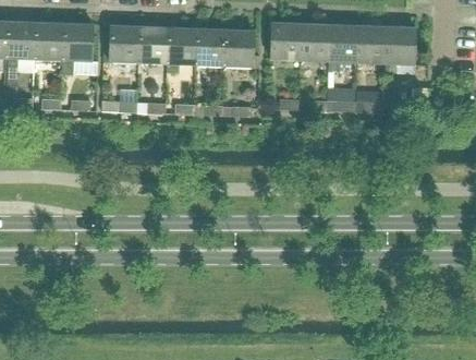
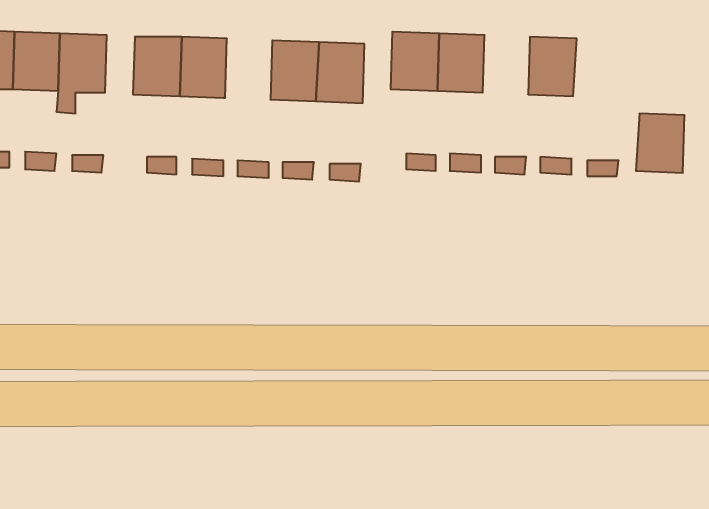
building: [328,25,357,62] -> none
building: [166,27,196,72] -> none
building: [385,27,415,64] -> [636,114,685,173]

